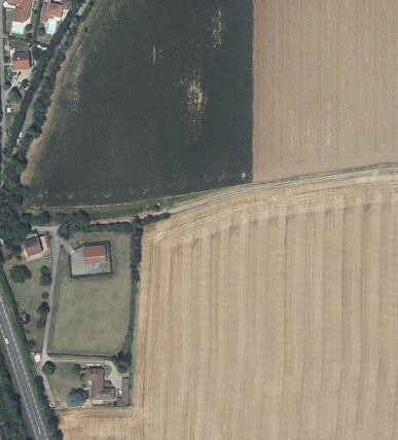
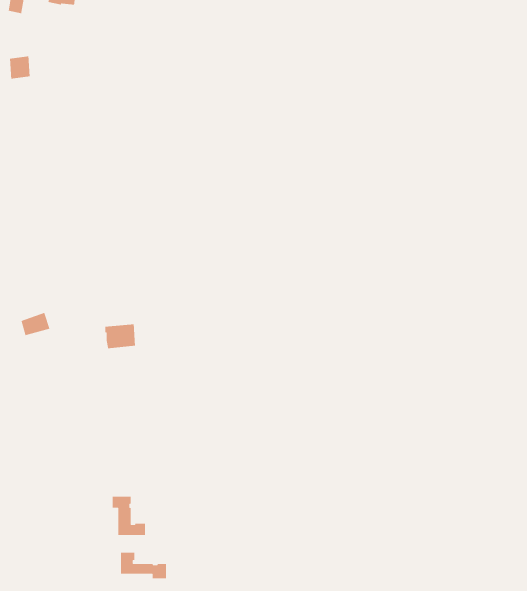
building: none -> [120,552,167,579]

